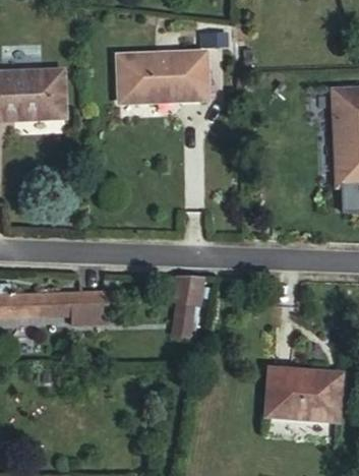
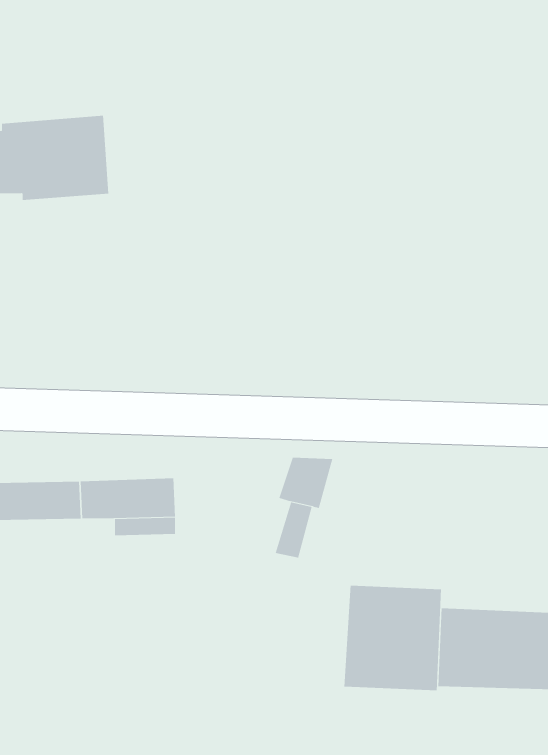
building: [122,58,214,114] -> none
building: none -> [344,585,442,691]

